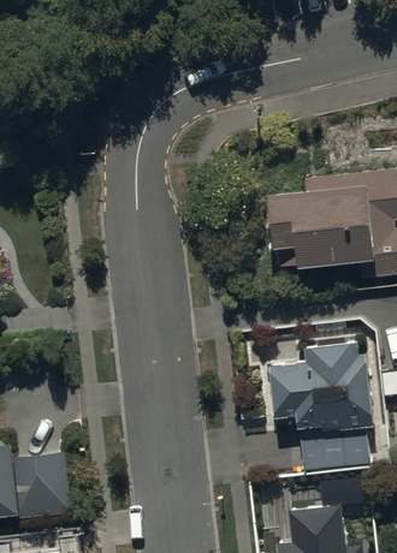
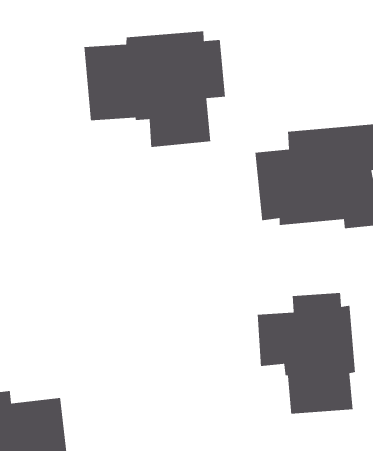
building: none -> [83,31,226,148]

